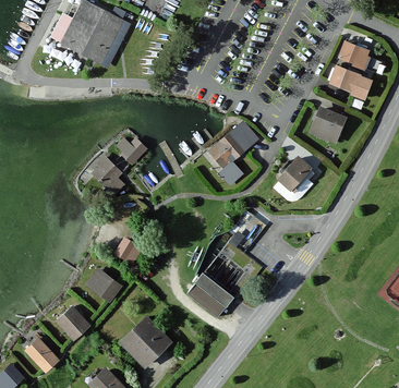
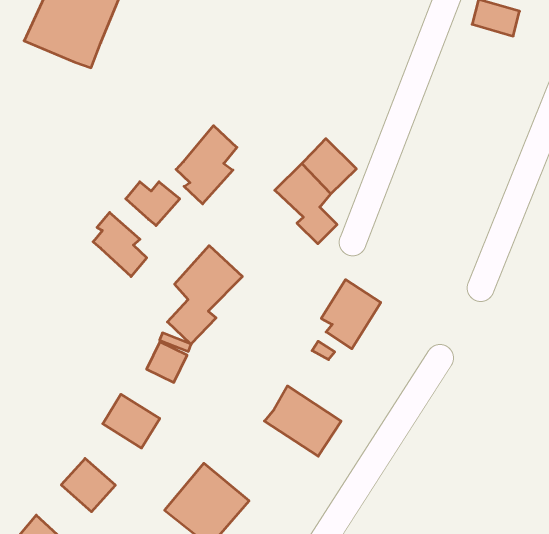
building: [329,65,372,98] -> none
building: none -> [176,126,237,204]
building: [310,108,346,143] -> none
building: [276,155,313,194] -> none
building: none -> [167,246,242,344]

